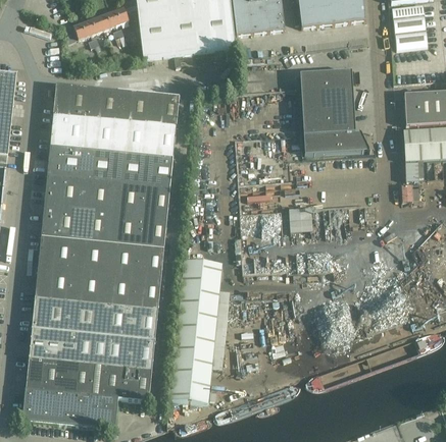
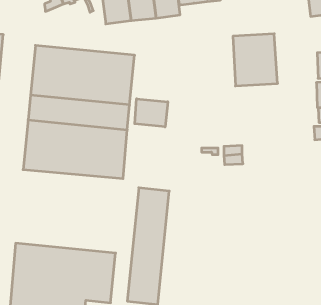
building: [303,128,370,153] -> none
building: none -> [135,99,168,127]
building: [32,236,164,339] -> none

